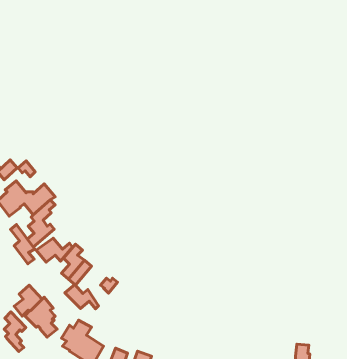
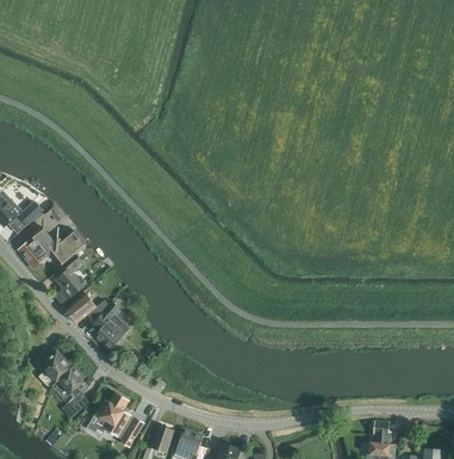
building: [10,225,35,264] -> none
building: [65,285,99,309] -> none
building: [4,312,26,351] -> none

